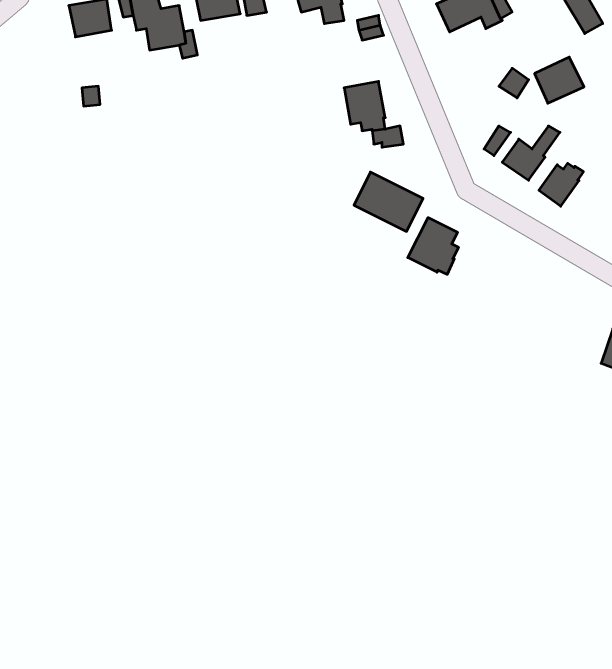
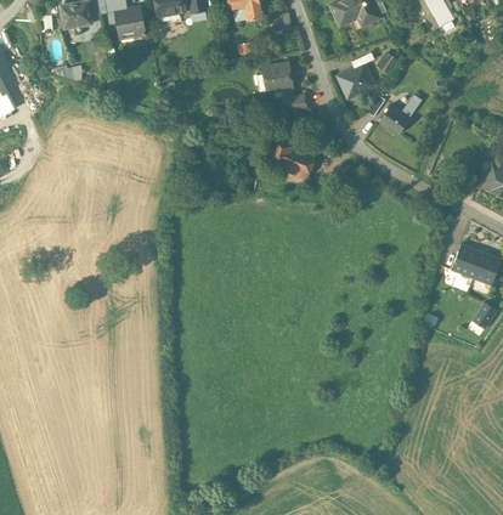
building: [535,57,584,103] -> [338,64,374,98]
building: [539,163,583,206] -> none
building: [408,218,458,274] -> none

